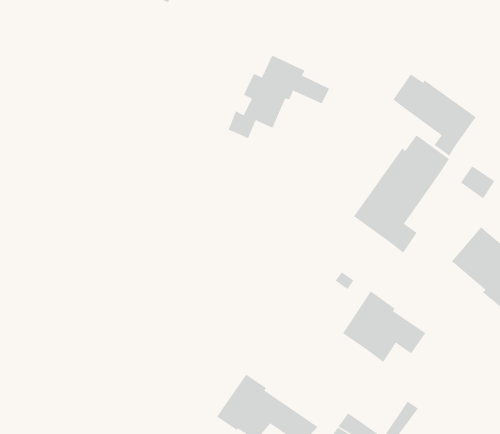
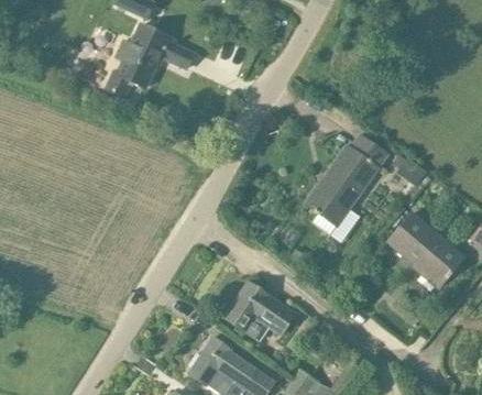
building: [228,55,330,139] -> [107,25,194,97]
building: [393,74,477,157] -> none
building: [342,290,426,363] -> [224,282,296,343]

